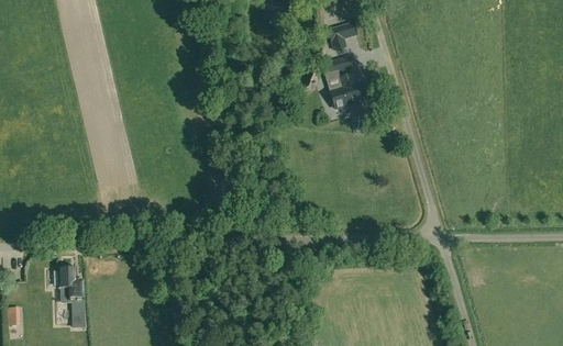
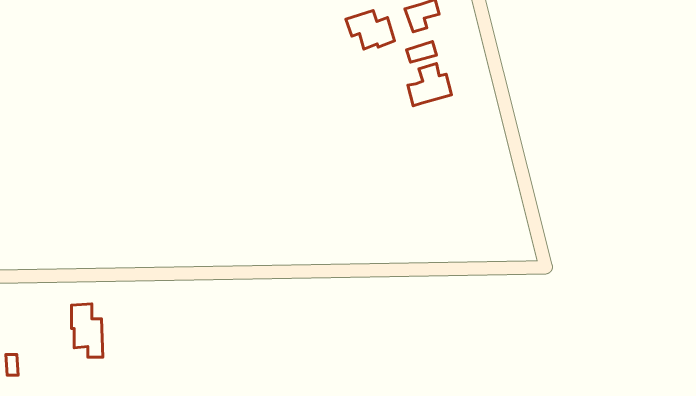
building: none -> [346,11,394,49]

